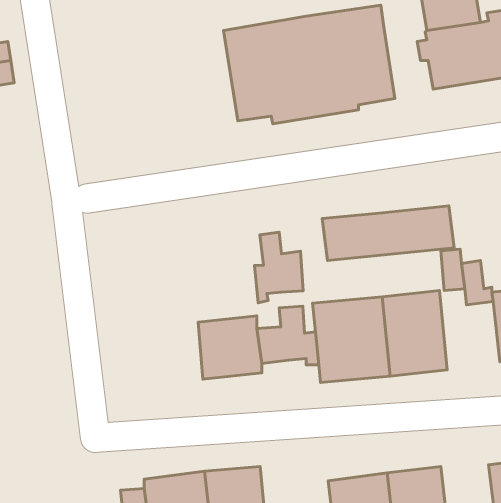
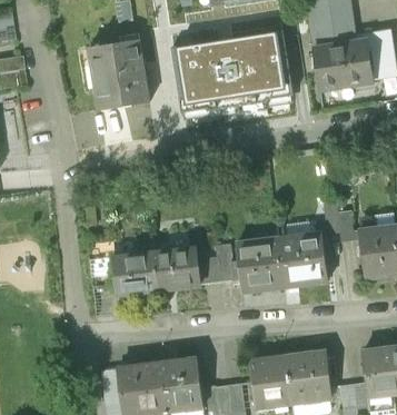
building: none -> [90,38,151,109]
building: [322,206,454,261] -> none
building: [254,232,303,303] -> none
building: none -> [112,253,159,297]

